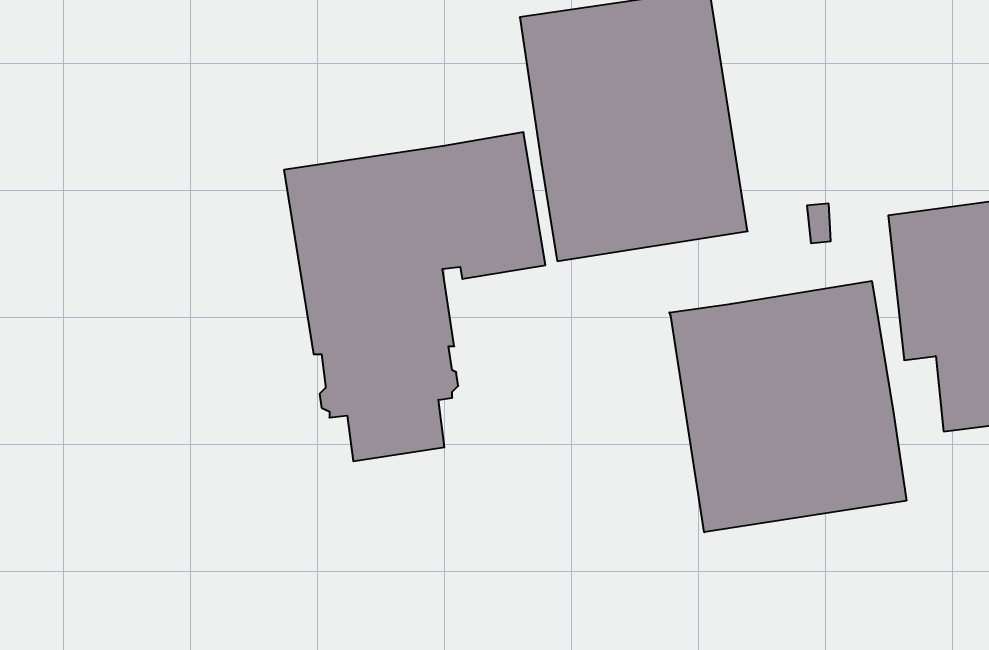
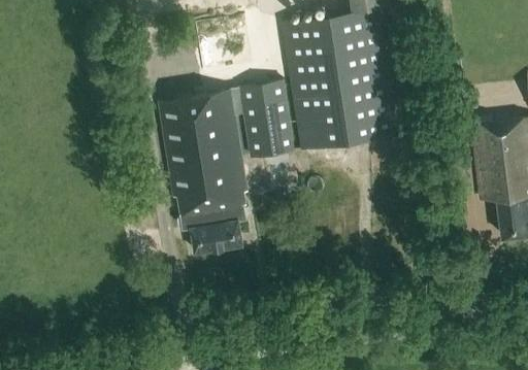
building: [669,281,906,532] -> none

